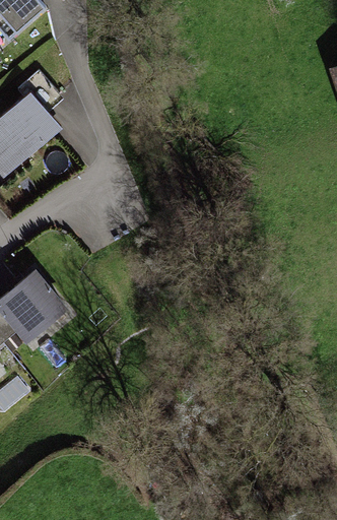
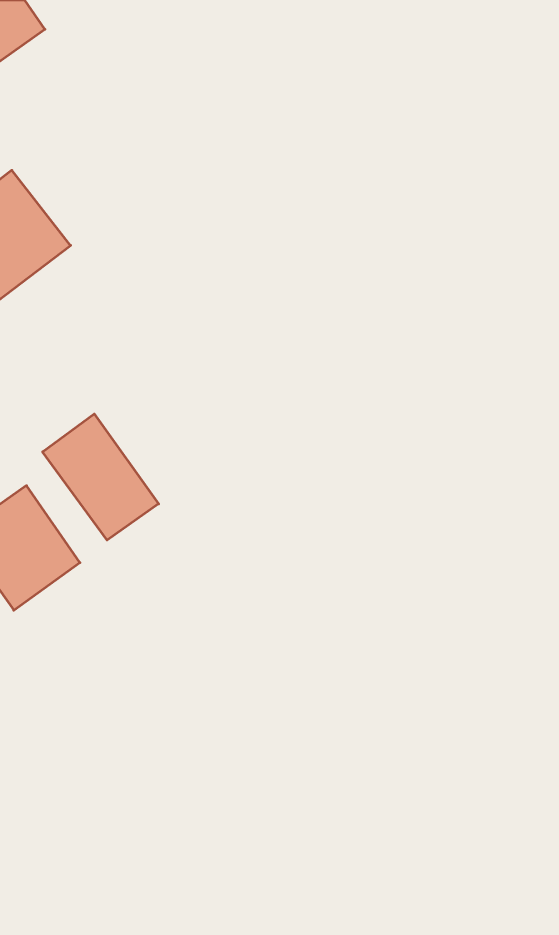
building: none -> [43,414,159,540]

